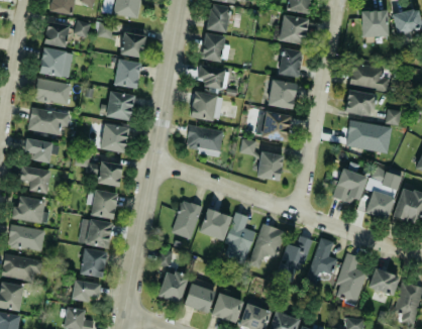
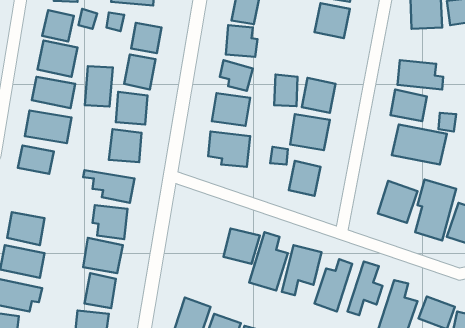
building: [281,48,301,76] -> [274,75,298,106]
building: none -> [85,66,113,107]
building: [19,164,51,193] -> none
building: [172,199,202,238] -> none

